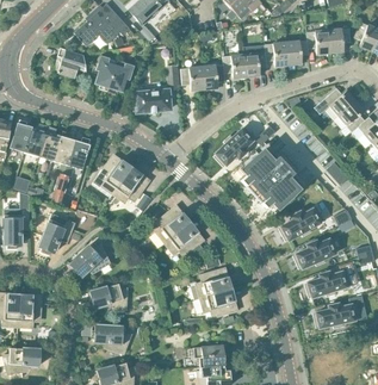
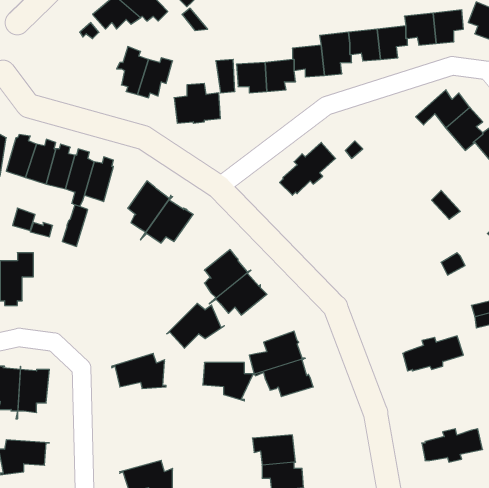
building: [56,48,86,77] -> none
building: [241,150,299,207] -> none
building: [279,206,324,241] -> none
building: [39,213,76,255] -> none
building: [293,240,335,268] -> none
building: [69,244,112,278] -> [167,303,224,348]
building: [314,303,359,328] -> [422,429,483,462]
building: [94,327,132,355] -> [203,363,254,401]

